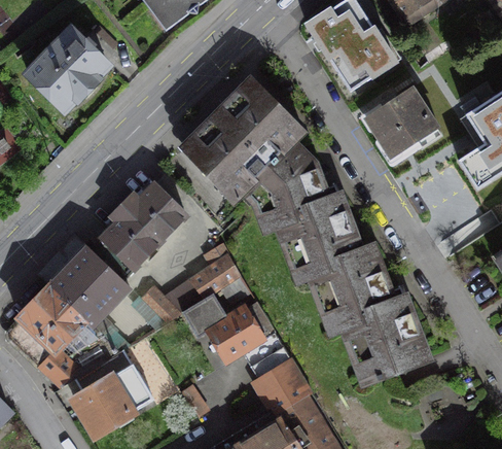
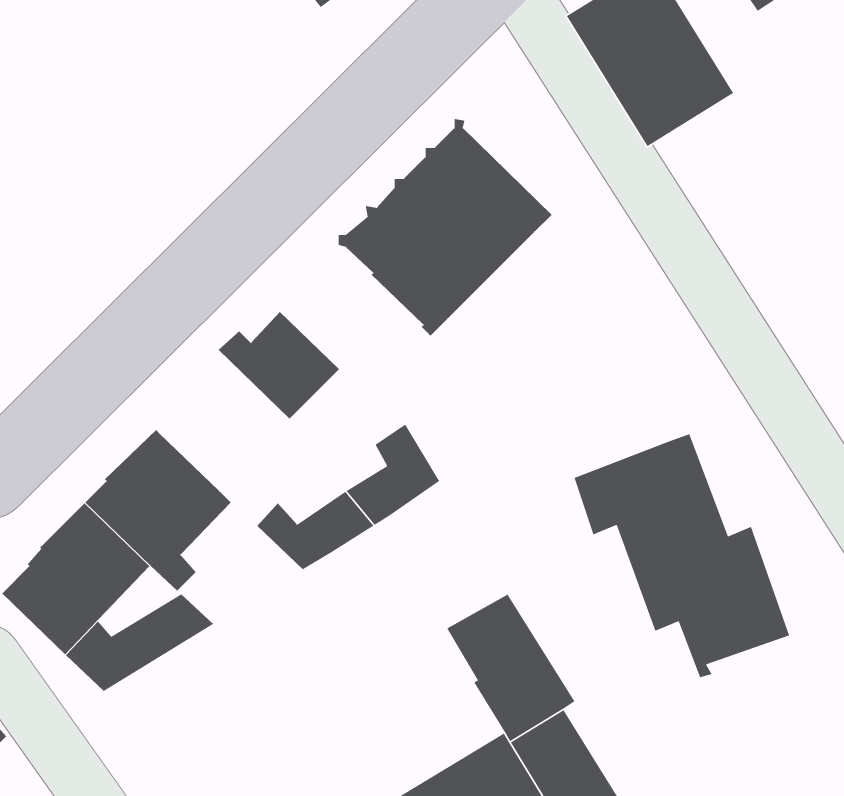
building: [28,29,108,108] -> none
building: [366,89,441,154] -> none
building: [244,141,361,272] -> none
building: [91,204,159,279] -> none
building: [182,292,276,361] -> none
building: [74,348,152,433] -> none

